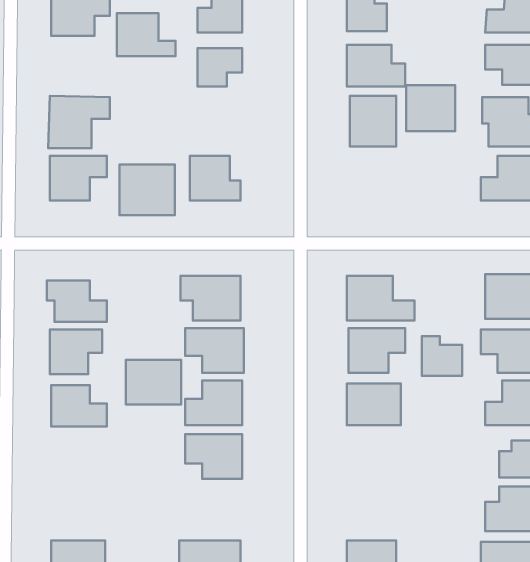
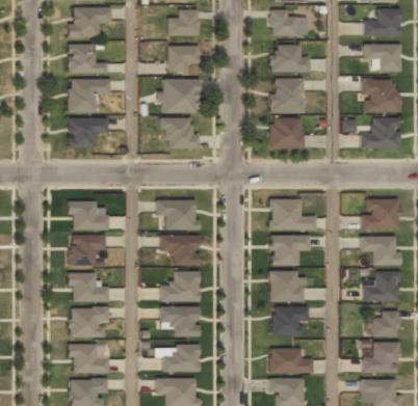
building: [117,13,175,56] -> [67,44,106,73]
building: [406,85,455,131] -> [269,117,303,148]
building: [119,164,175,215] -> [160,79,198,113]
building: [422,336,462,376] -> none
building: [126,360,181,405] -> [69,307,106,337]
building: none -> [272,305,307,334]
building: none -> [69,344,107,372]
building: none -> [163,344,199,372]
building: none -> [269,348,312,372]

